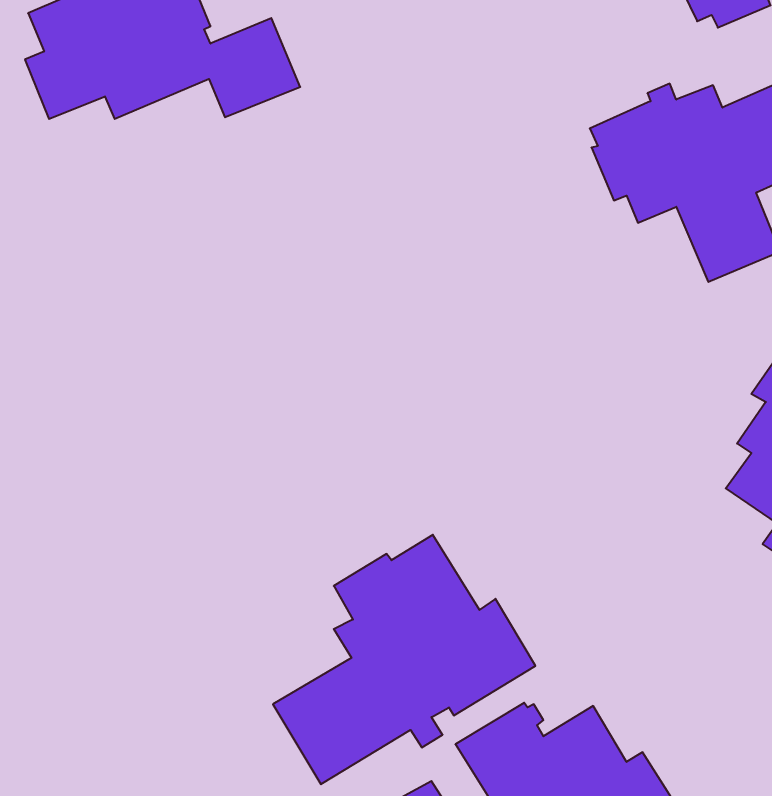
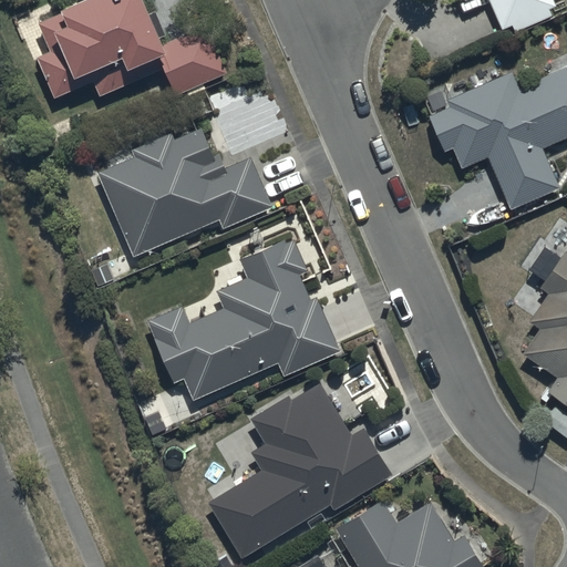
building: none -> [96,128,271,257]
building: none -> [147,239,340,400]

